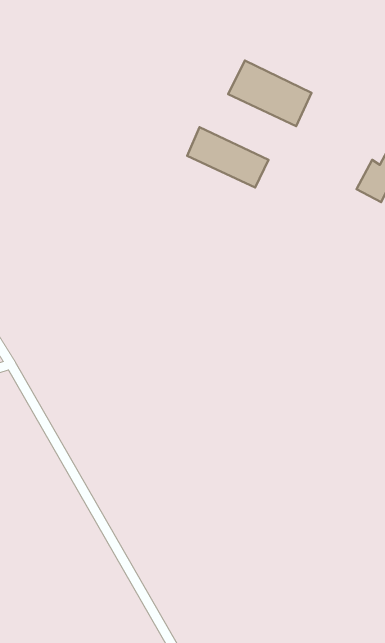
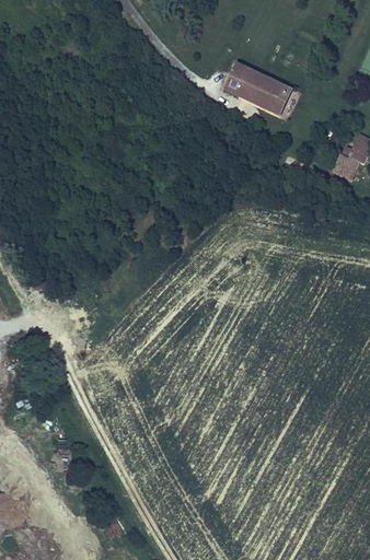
building: [187,127,268,188] -> none

